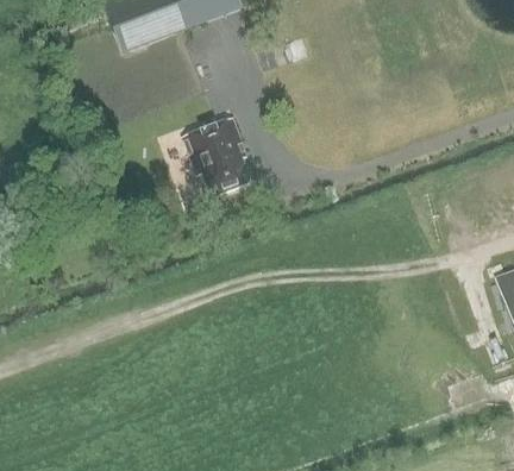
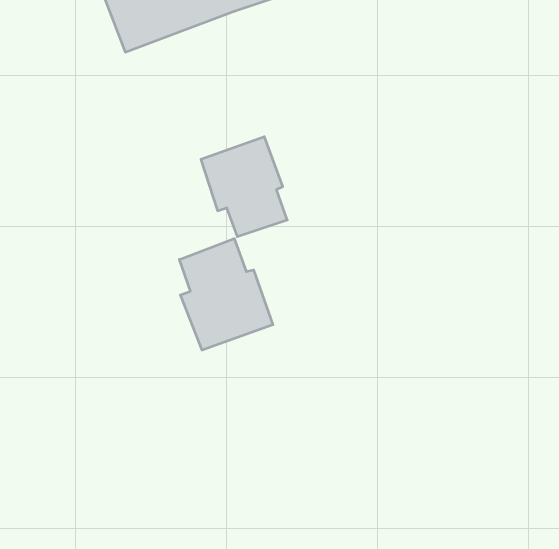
building: none -> [179,239,273,350]

